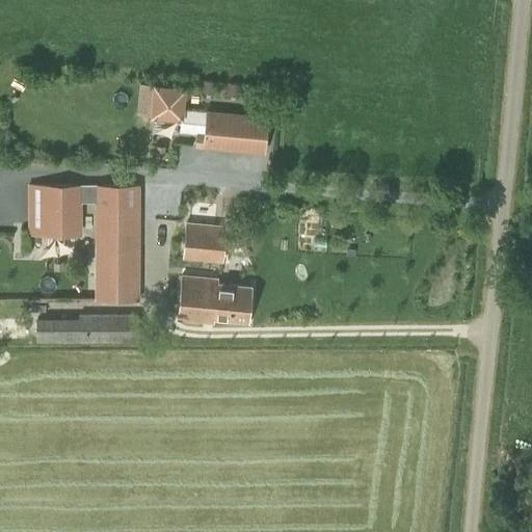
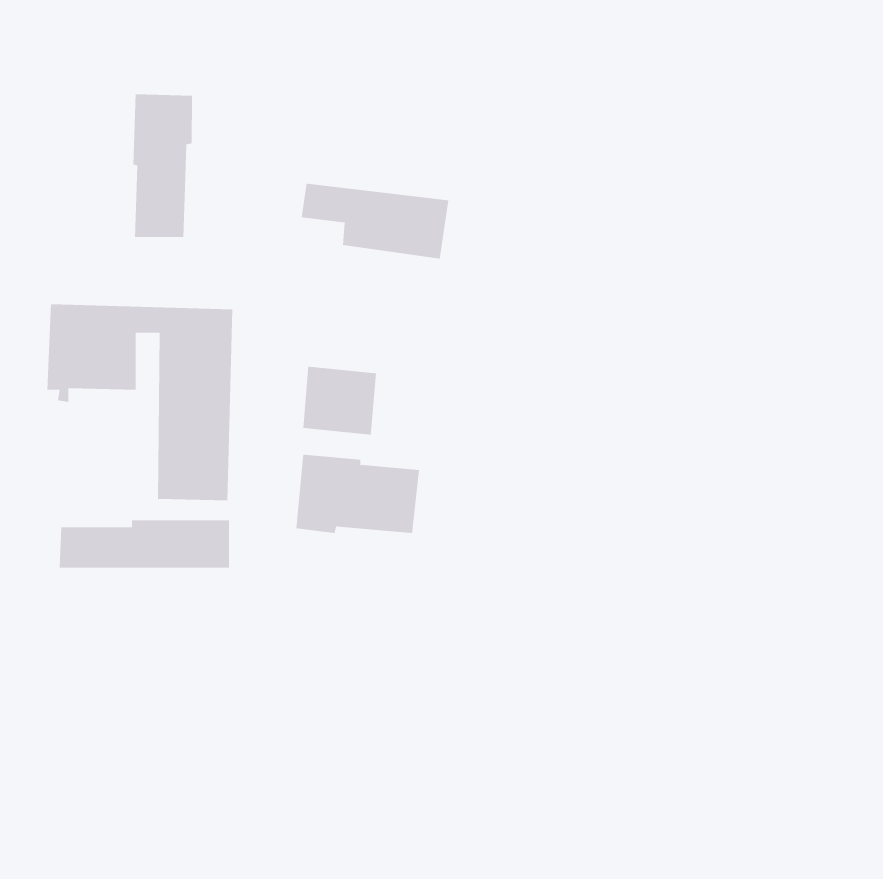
building: none -> [133,93,192,238]
building: [150,85,185,122] -> none

